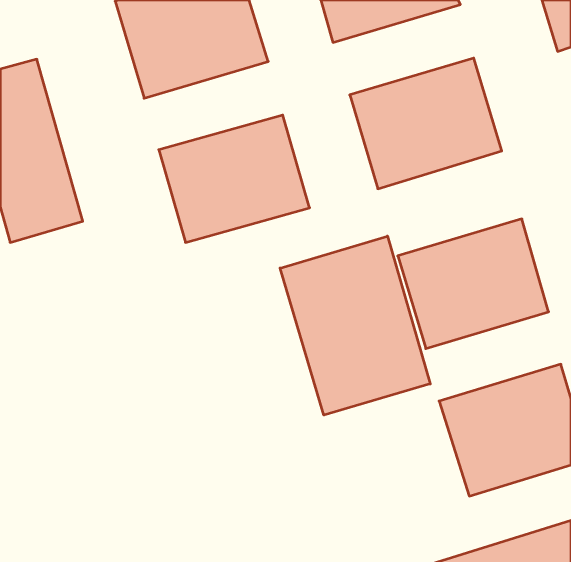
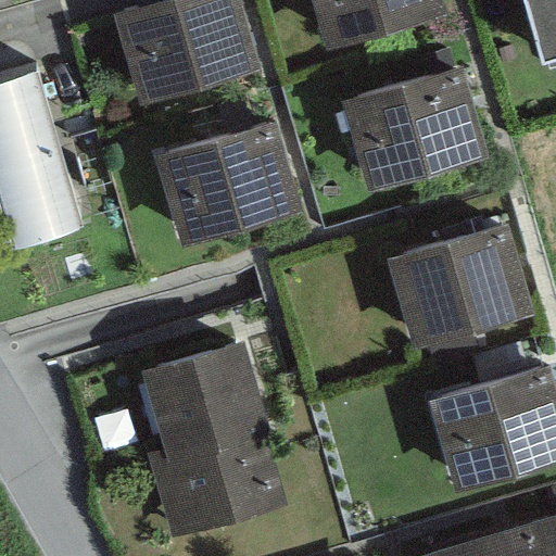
building: [280,236,430,415] -> none
building: none -> [140,339,285,541]

